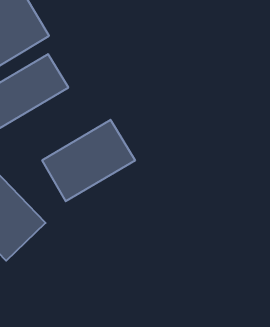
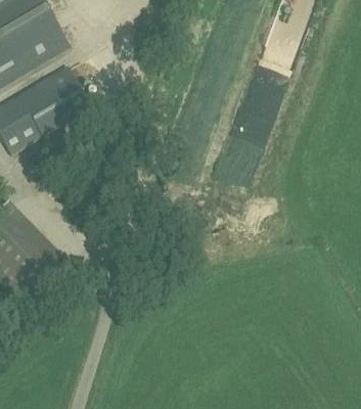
building: [42,120,135,201] -> none

